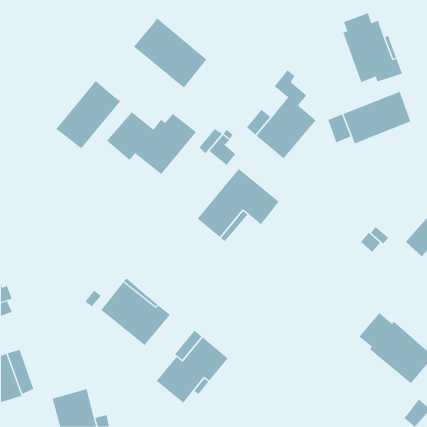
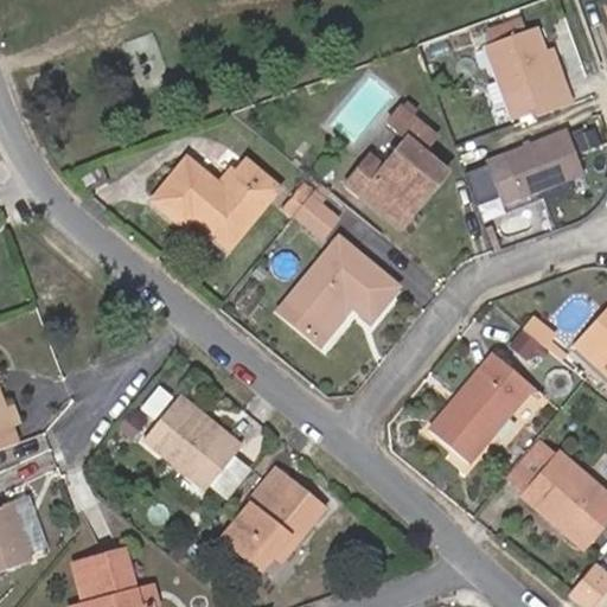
building: [133,18,207,89] -> none
building: [55,80,121,149] -> none
building: none -> [429,353,533,464]

